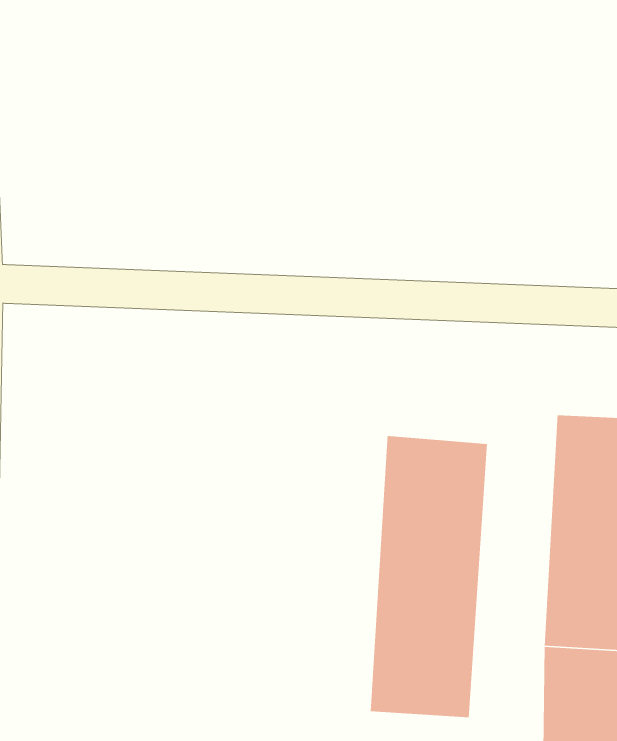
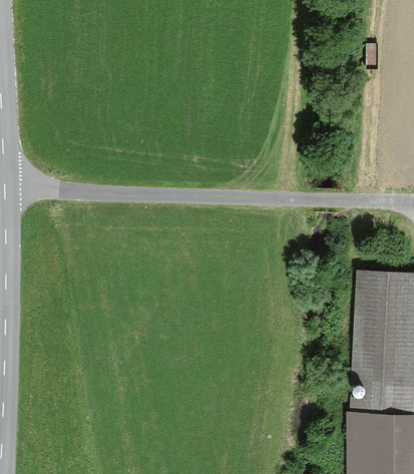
building: [370,435,488,718] -> none

